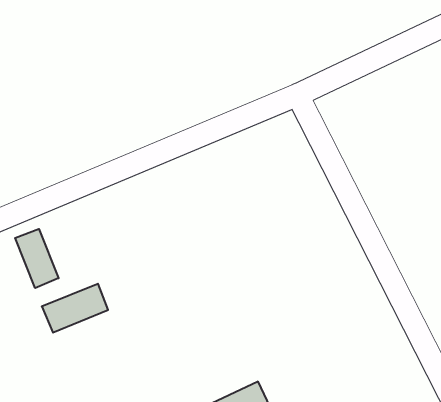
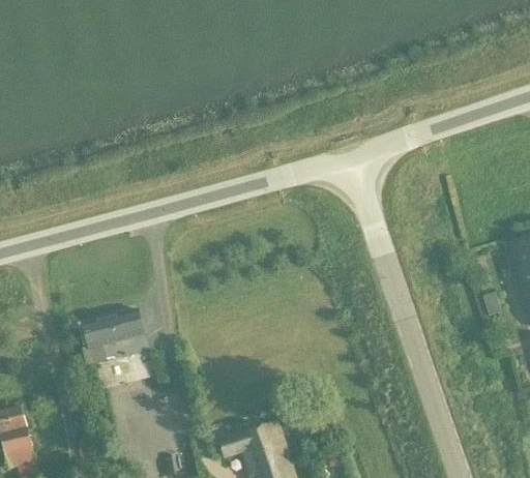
building: [15,229,59,288] -> none

